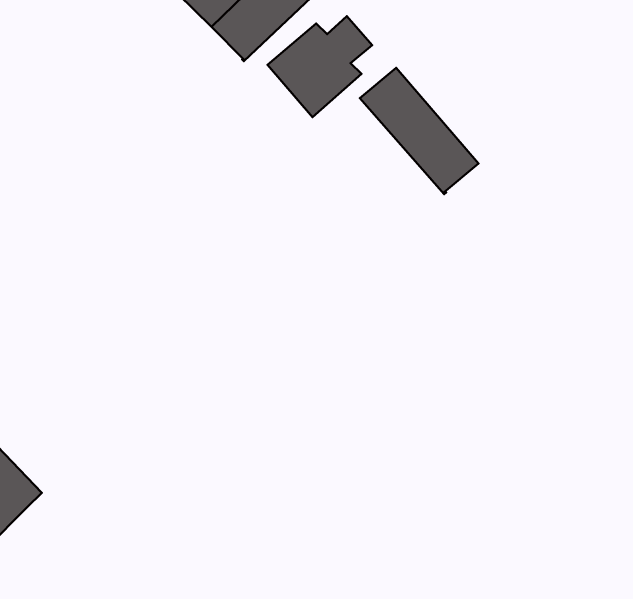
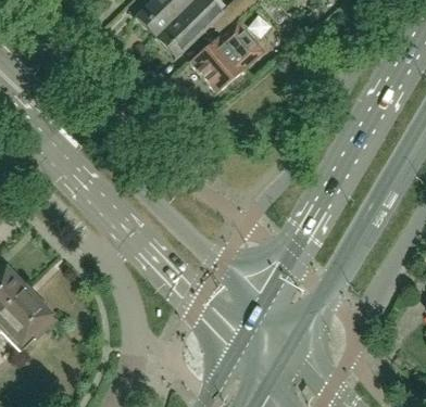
building: [360,68,478,194] -> none

